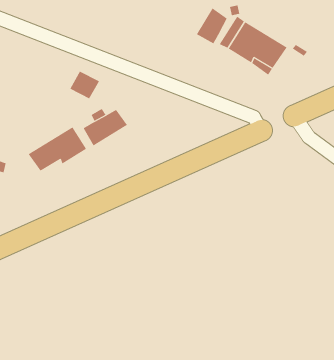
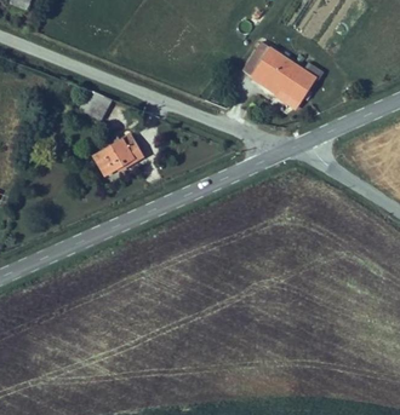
building: [196,8,228,44] -> none
building: [28,126,87,172] -> none

